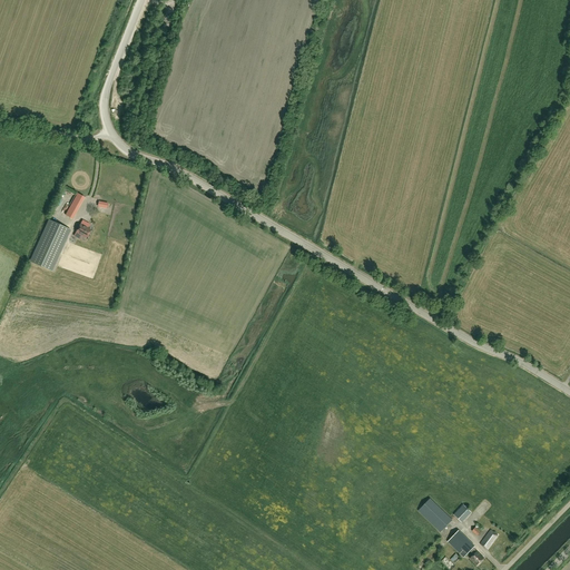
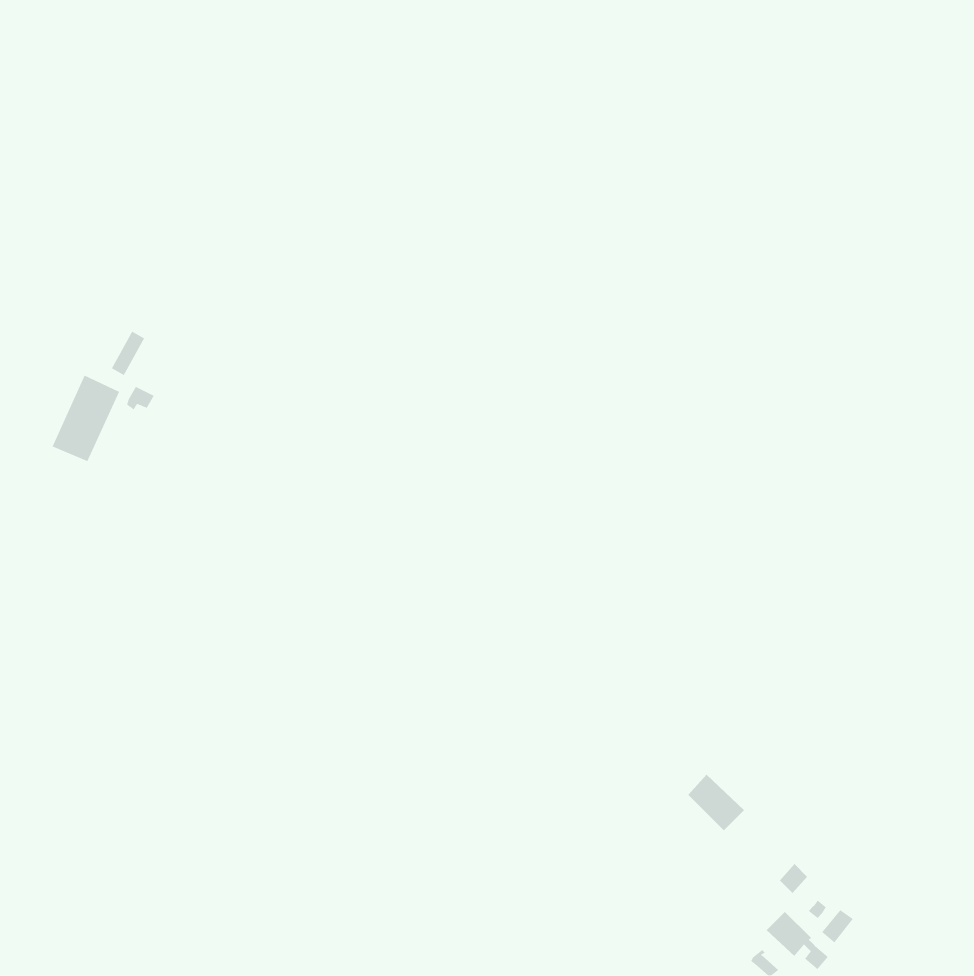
building: [417,499,451,532] -> [687,774,745,831]

